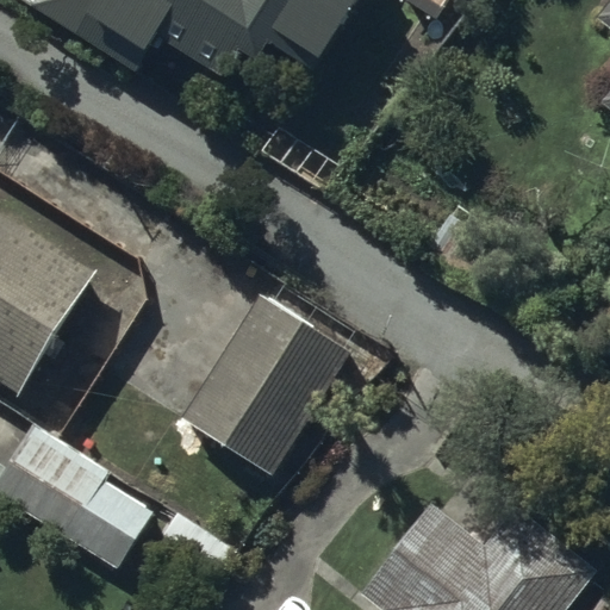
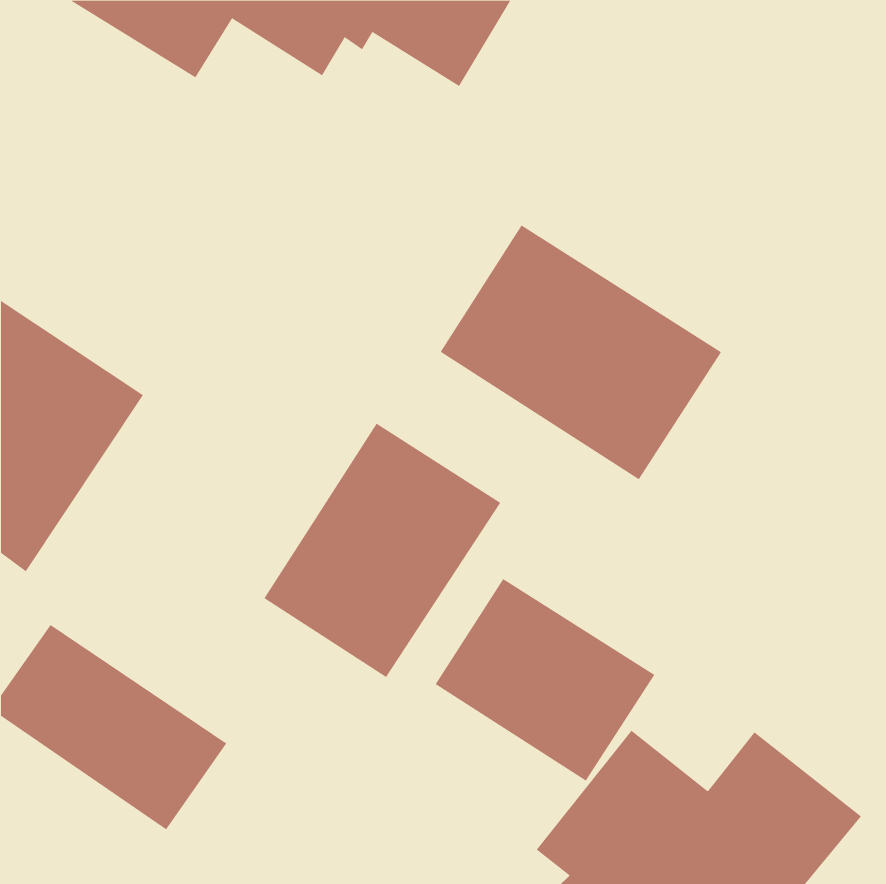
building: none -> [440,225,722,480]
building: none -> [435,578,655,782]

